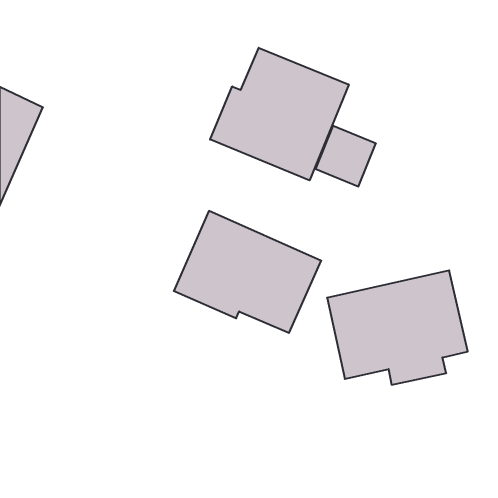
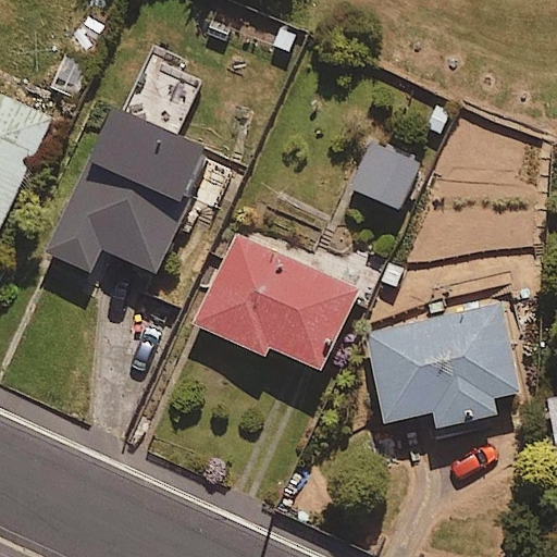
building: [210,48,349,180] -> none
building: none -> [45,60,230,273]

